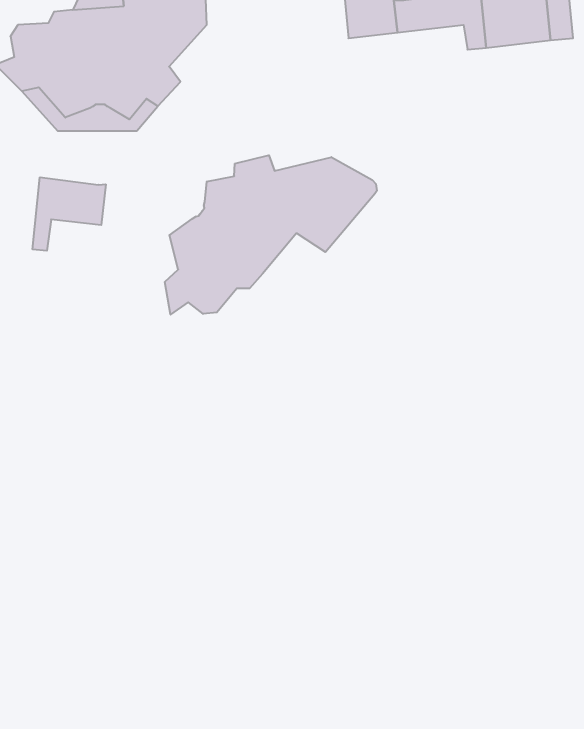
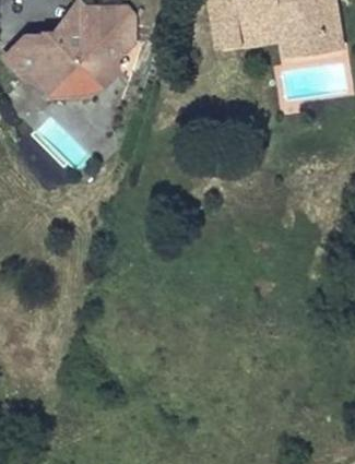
building: [165,155,377,315] -> none
building: [33,177,106,251] -> none

